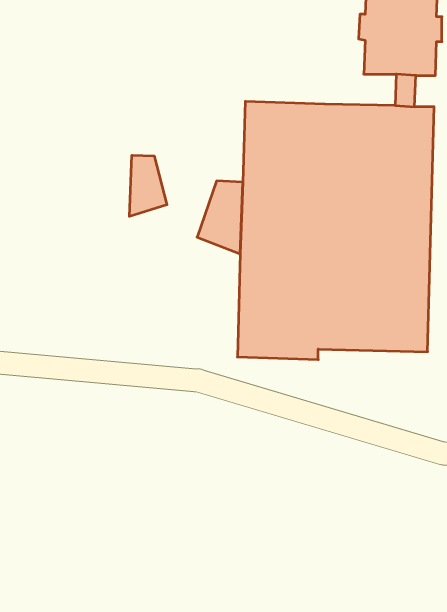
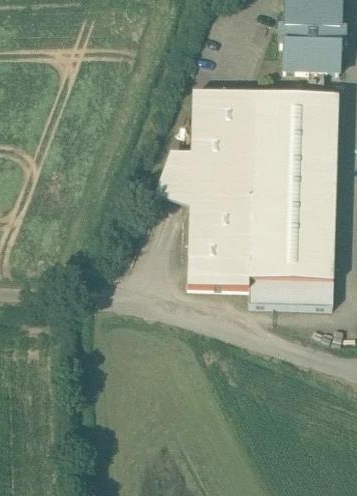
building: [129,155,167,216] -> none
building: none -> [250,279,334,305]

